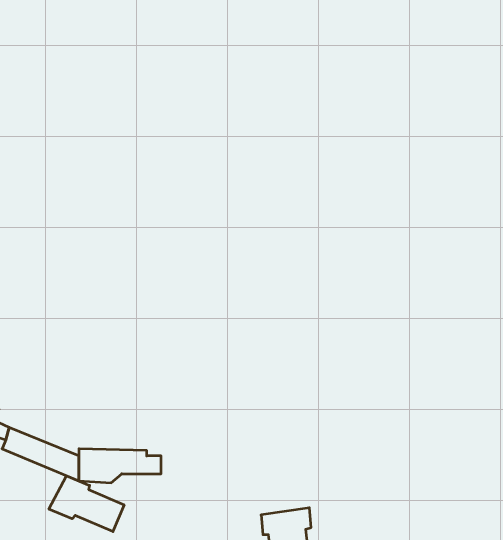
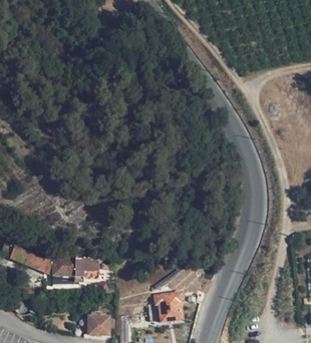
building: [49,476,124,532] -> none

